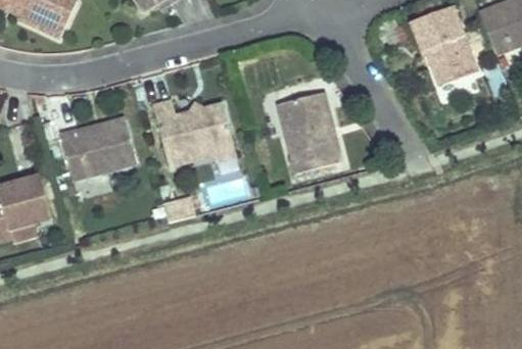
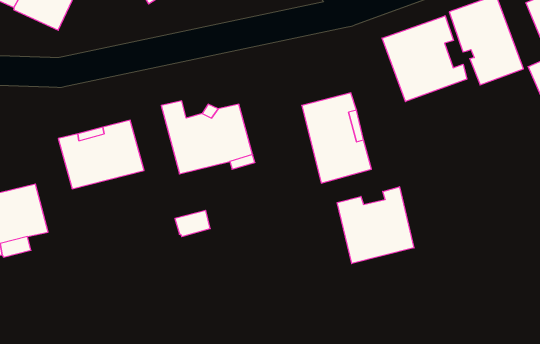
building: none -> [382,16,467,102]
building: none -> [337,187,414,264]

